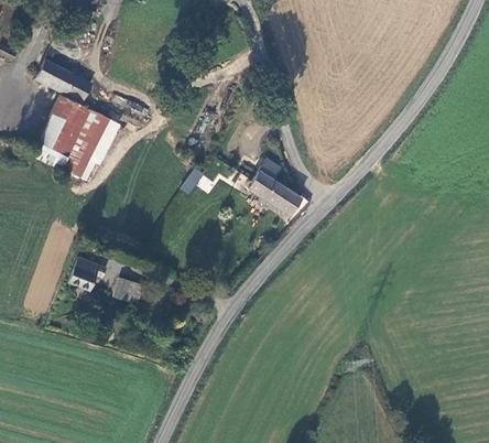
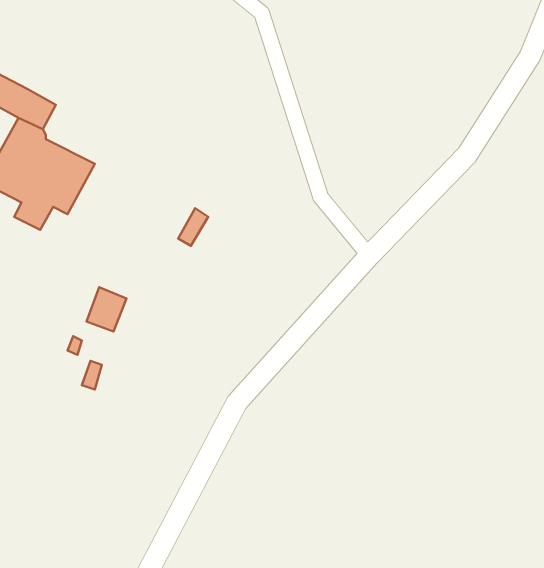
building: [248,159,302,216] -> none
building: [67,255,98,289] -> [86,287,127,332]

